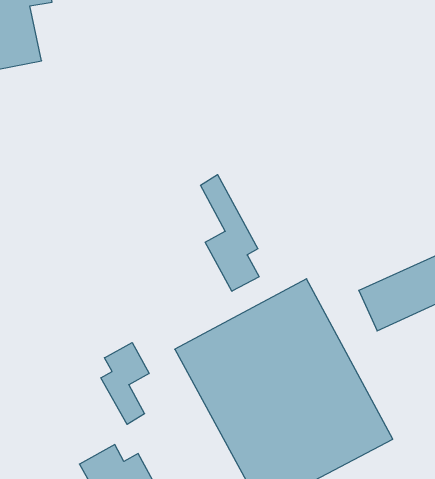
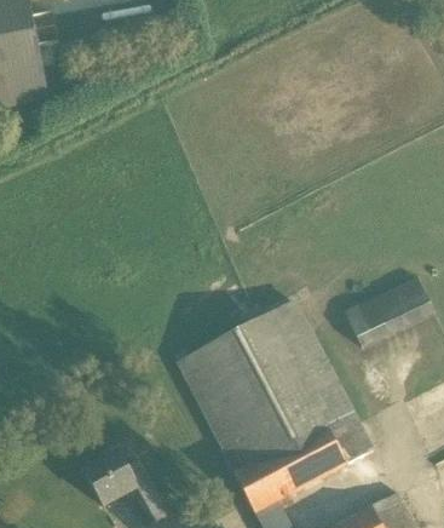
building: [201,175,259,291] -> none
building: [101,343,149,424] -> none

